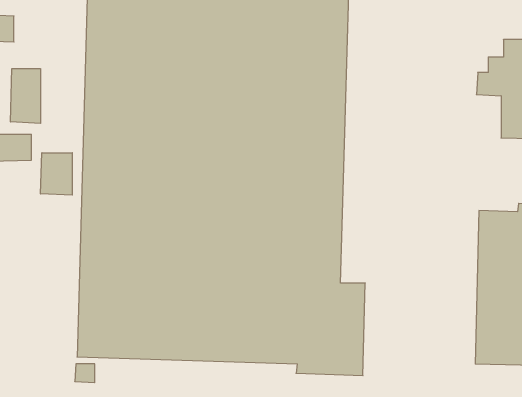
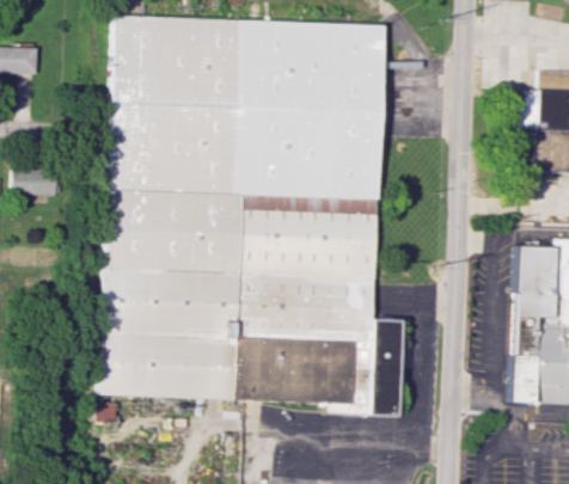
building: [11,69,40,123] -> none
building: [41,153,72,195] -> none

